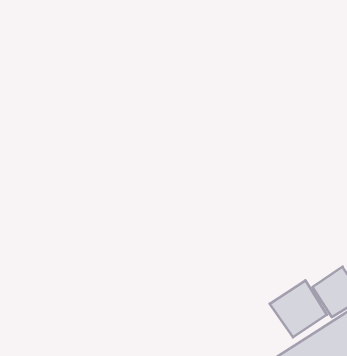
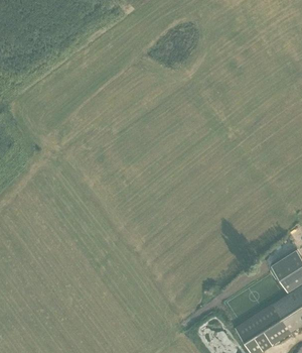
building: [270,280,327,337] -> none

